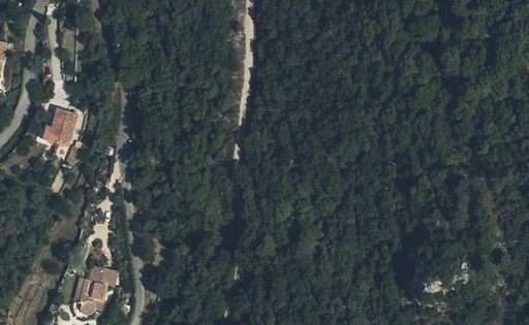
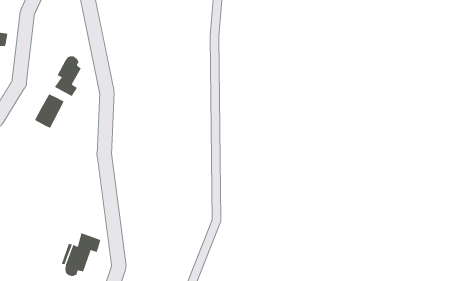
building: none -> [54,55,82,97]

